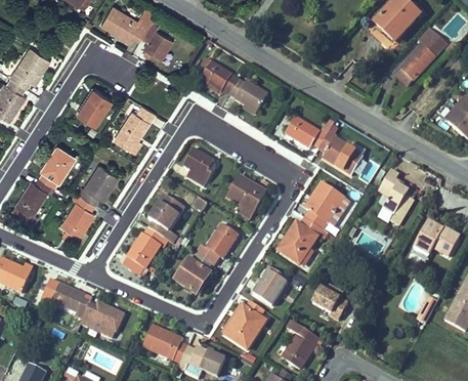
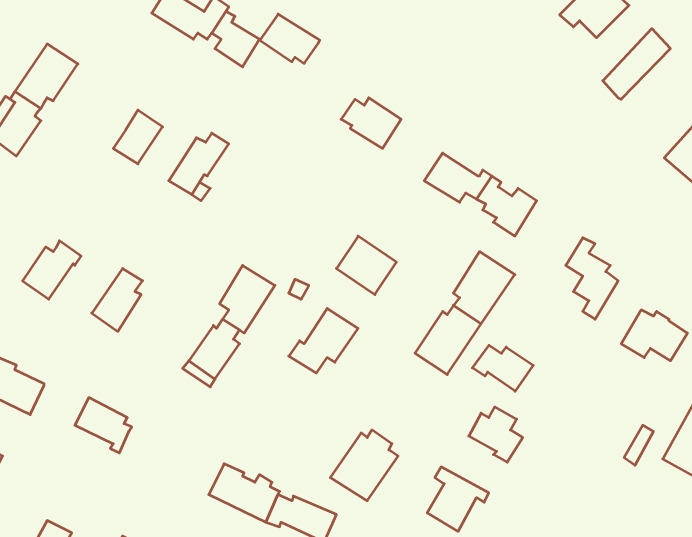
building: [199,61,239,94] -> [260,14,320,63]
building: [41,142,76,185] -> none
building: [181,151,213,188] -> none
building: [79,163,119,202] -> none
building: none -> [472,345,533,391]
building: [174,255,214,291] -> none
building: [252,270,285,304] -> none
building: [78,301,123,331] -> none

